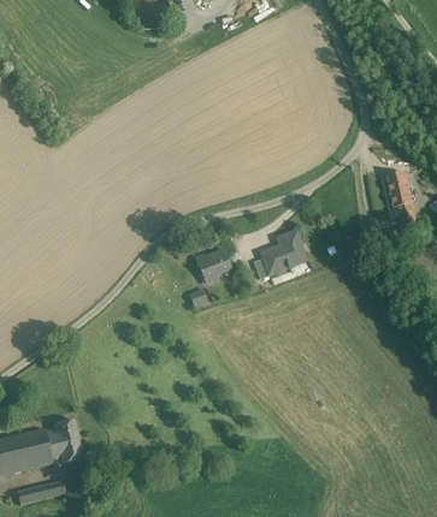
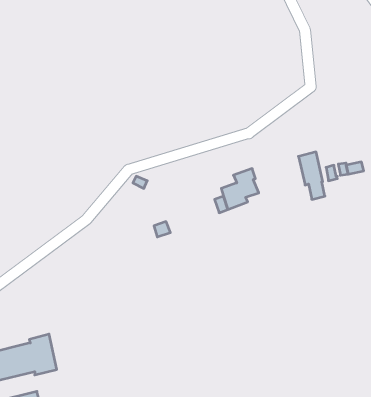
building: [386,172,415,224] -> [298,152,325,199]
building: [196,250,231,284] -> none

